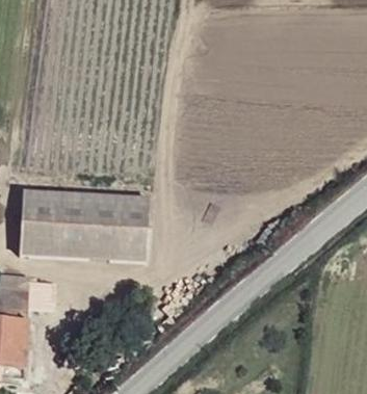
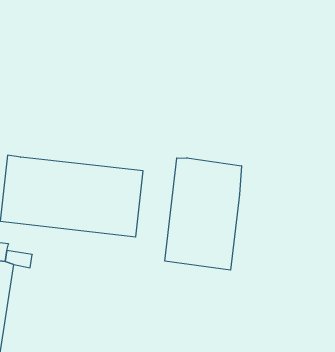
building: none -> [165,158,241,270]

